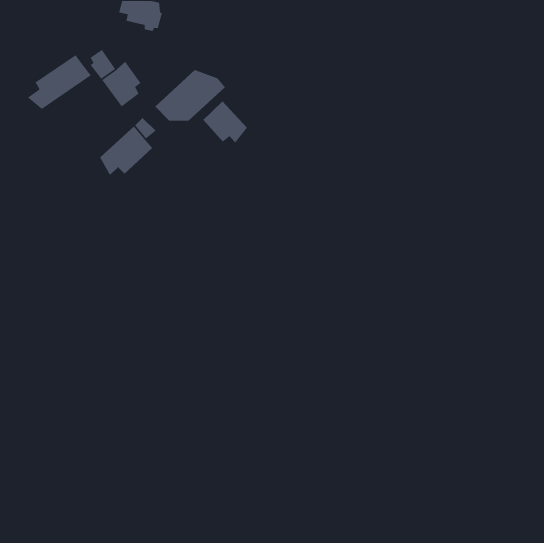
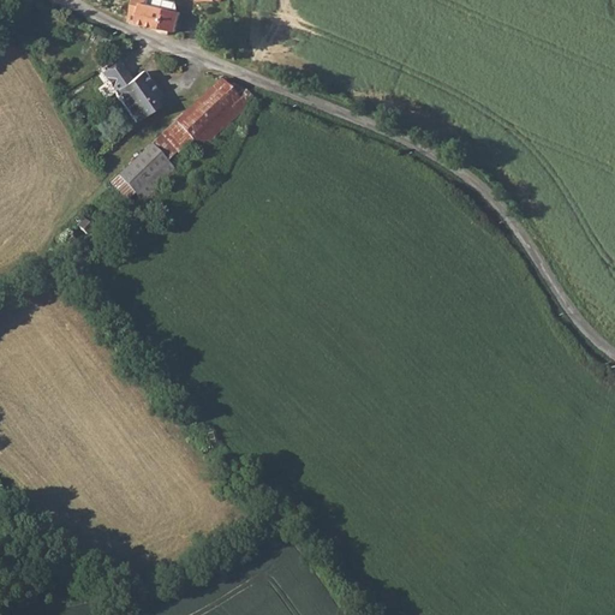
building: [27,54,92,110] -> none
building: [202,100,248,143] -> none

